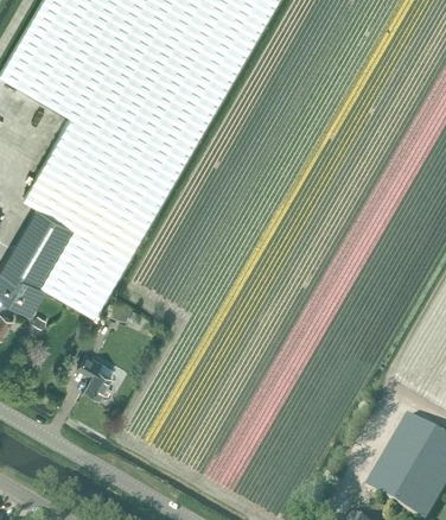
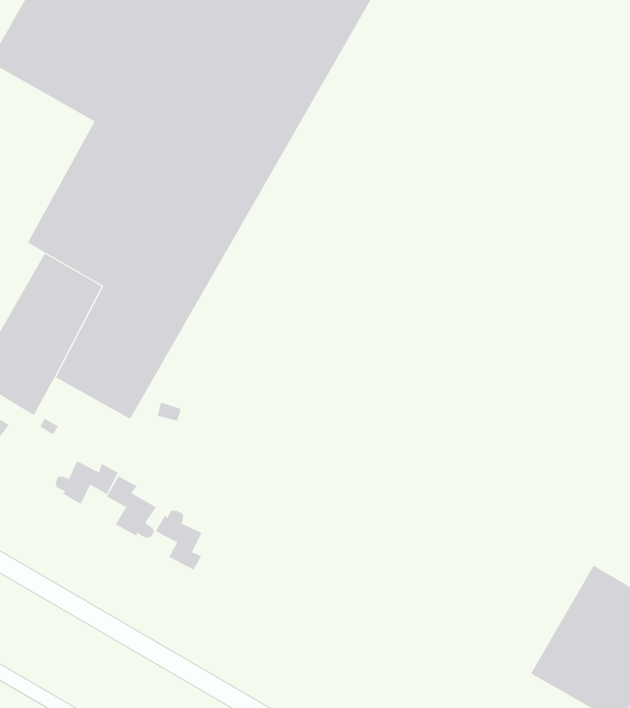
building: none -> [55,460,119,504]
building: none -> [155,510,202,571]

